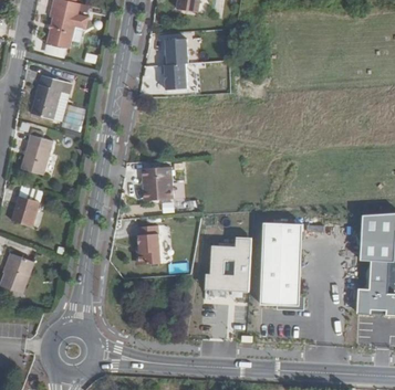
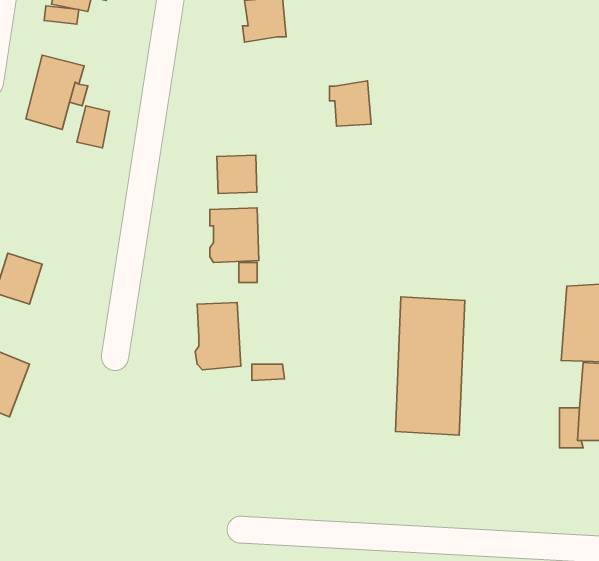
building: [160,63,186,91] -> [329,81,371,126]
building: [20,135,53,175] -> none
building: none -> [217,155,257,193]
building: [208,238,249,293] -> none

